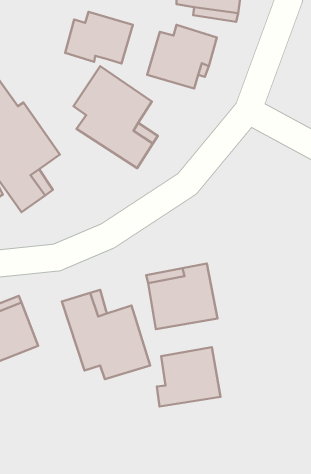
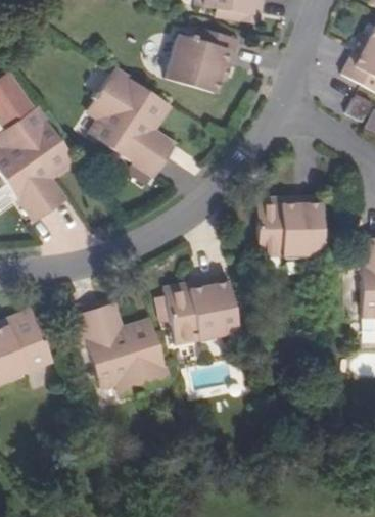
building: [65,12,133,63] -> none
building: none -> [257,197,322,256]
building: [157,347,221,406] -> none

